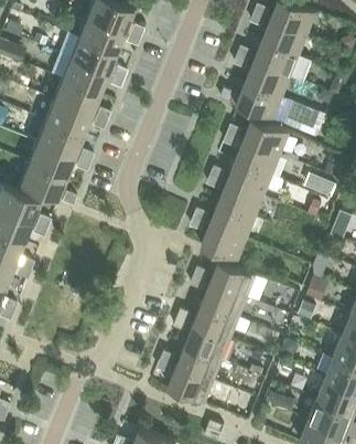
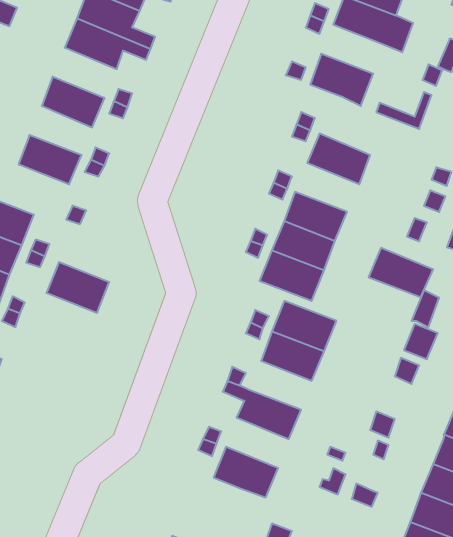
building: [245,61,290,96] -> none
building: [52,77,98,114] -> none
building: [244,117,289,155] -> none
building: [35,119,80,155] -> none
building: [226,160,272,195] -> [369,248,433,297]
building: [19,161,64,198] -> [46,262,109,313]
building: [193,303,238,338] -> none
building: [176,343,222,380] -> none

